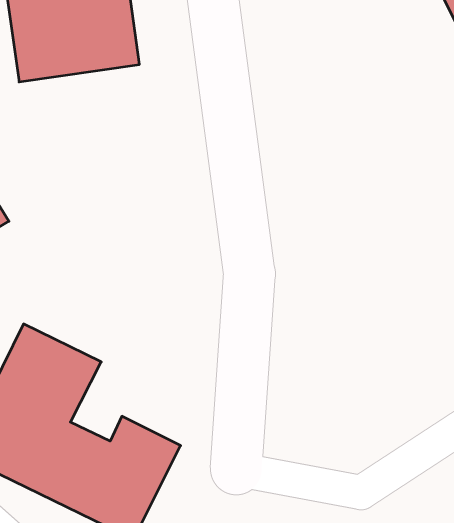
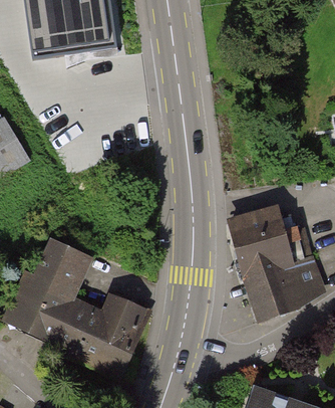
building: none -> [231,208,322,308]

